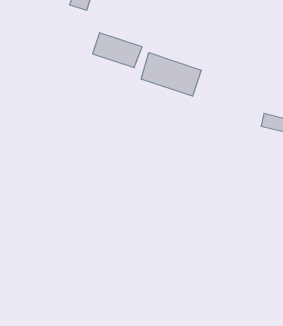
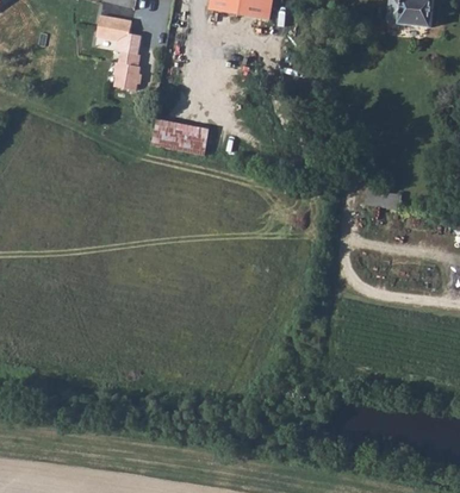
building: [141,52,201,96] -> none

